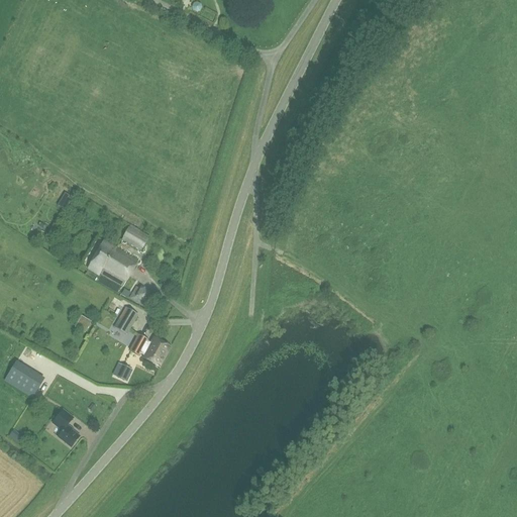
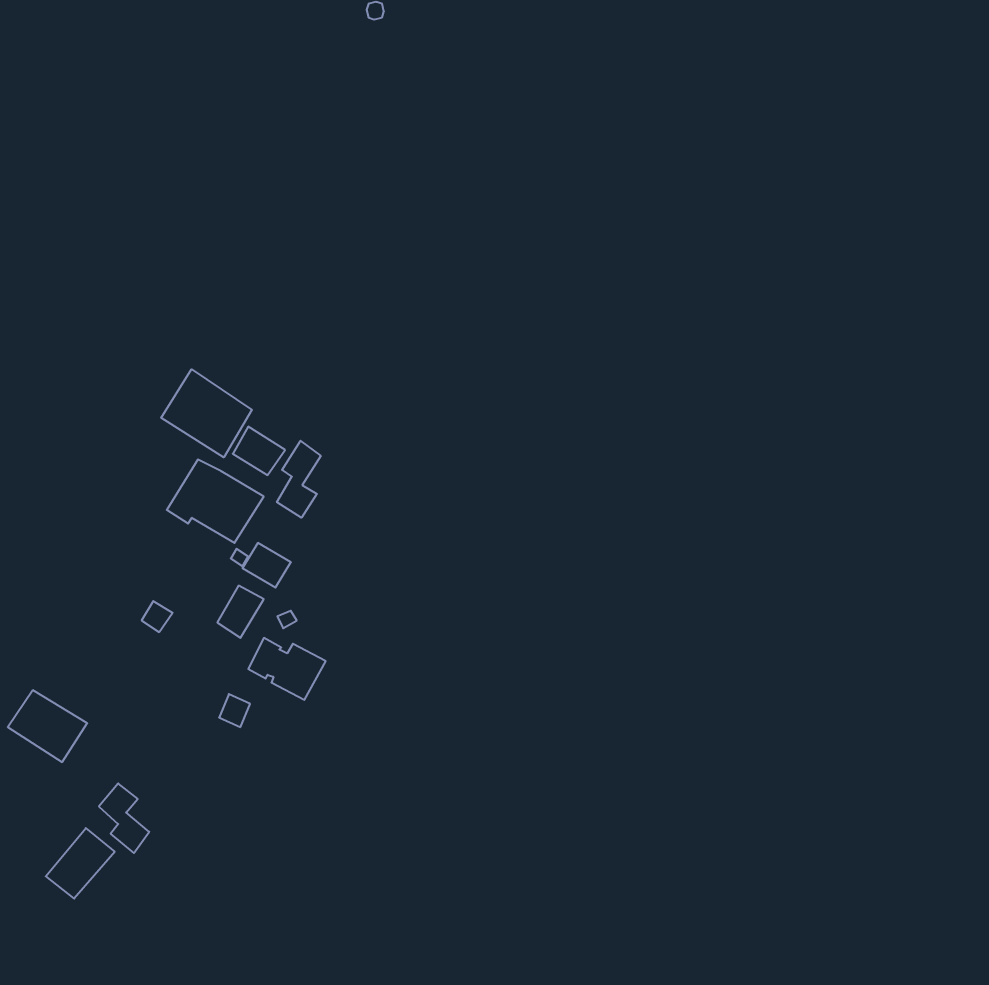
building: none -> [161,369,252,457]
building: none -> [277,441,321,518]
building: none -> [46,828,115,899]

